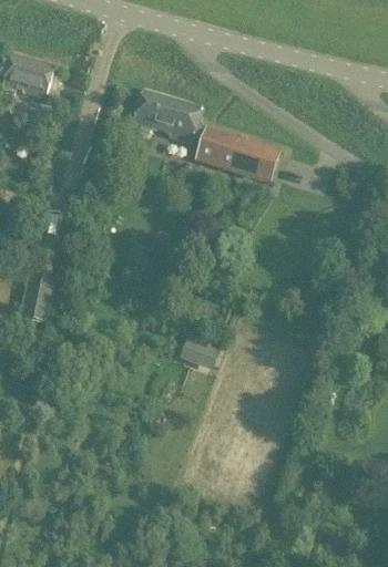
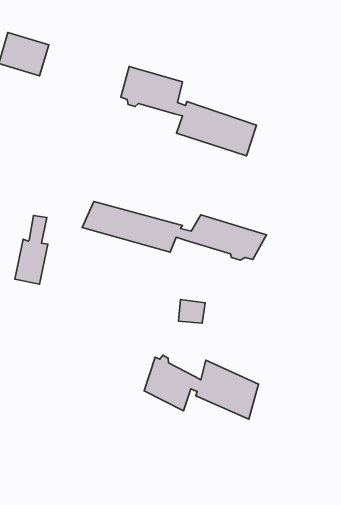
building: none -> [82,202,267,260]
building: none -> [144,355,258,419]

